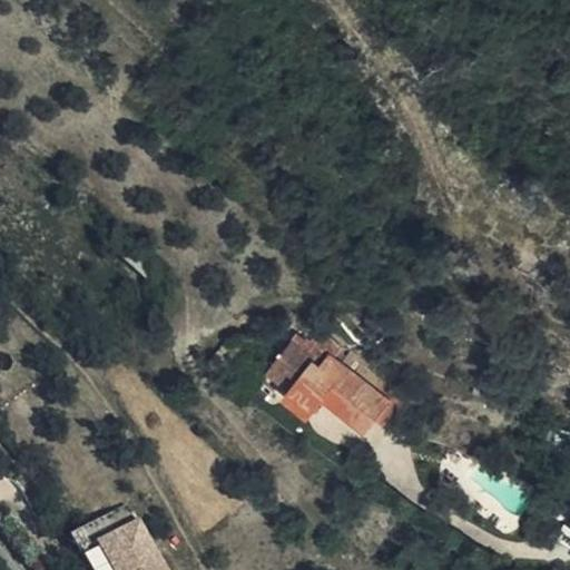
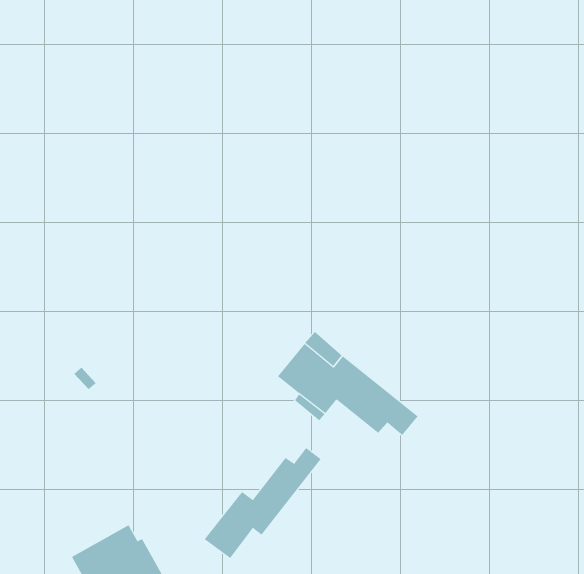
building: none -> [204,447,321,559]

